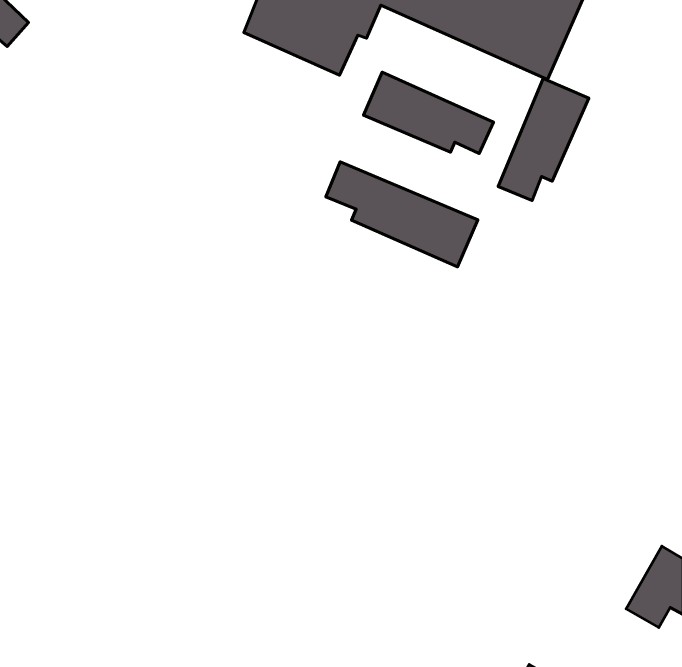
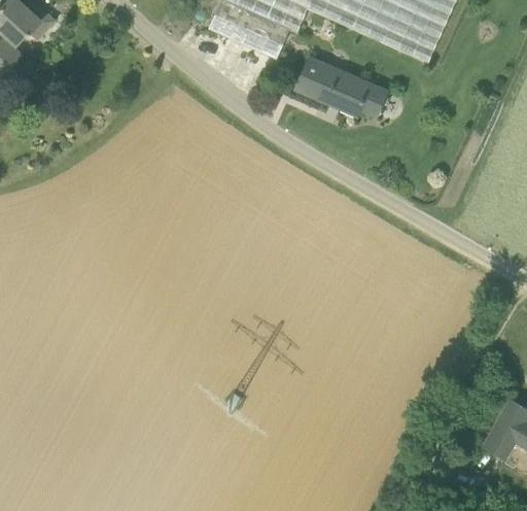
building: [498,78,589,201] -> none
building: [326,162,478,267] -> none

